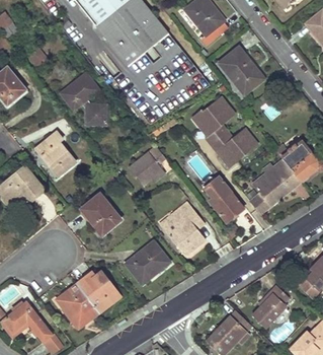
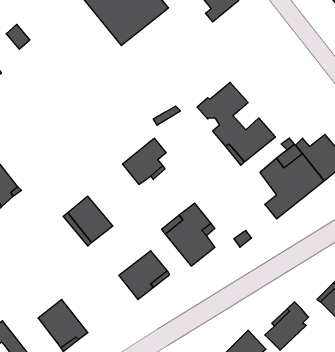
building: [220,47,264,94] -> none
building: [62,74,106,124] -> none
building: [35,131,74,174] -> none
building: [206,175,243,221] -> none
building: [77,272,120,311] -> none

